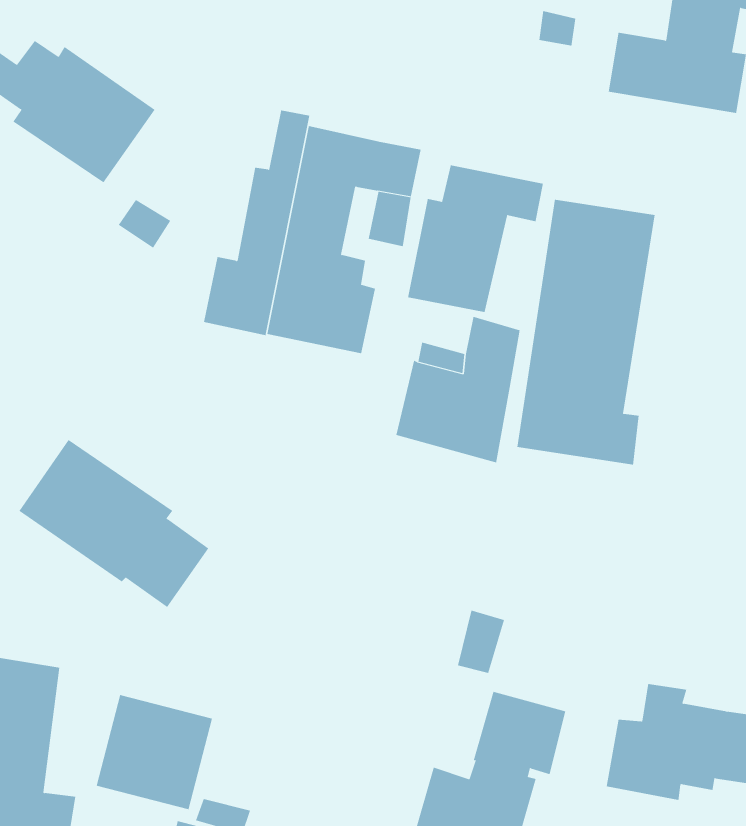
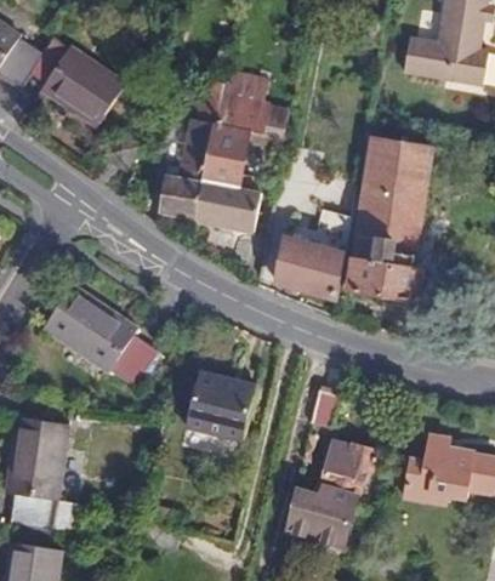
building: none -> [220,69,268,103]
building: [408,164,543,313] -> none
building: [96,695,213,810] -> [184,371,256,442]

